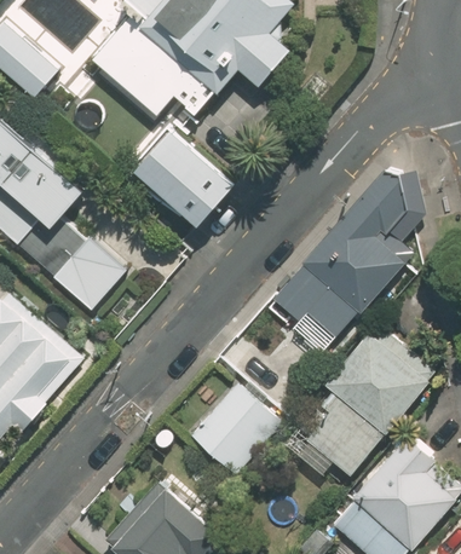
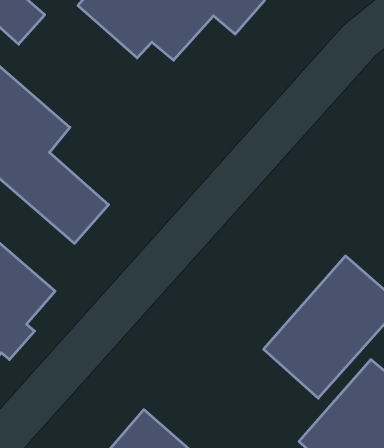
building: [133,131,234,229] -> none
building: [276,169,407,328] -> none
building: [191,382,281,473] -> none

